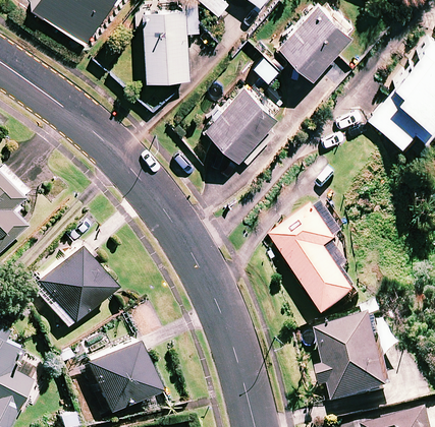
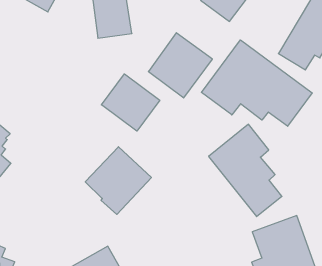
building: none -> [201,40,312,126]
building: none -> [101,74,160,131]
building: [32,245,114,328] -> [85,147,151,214]

